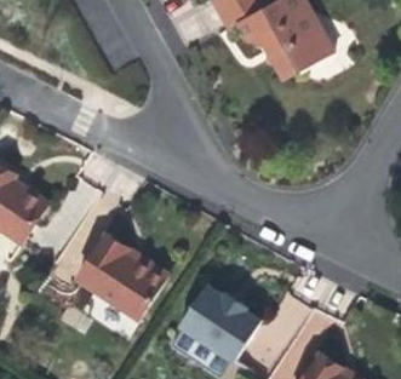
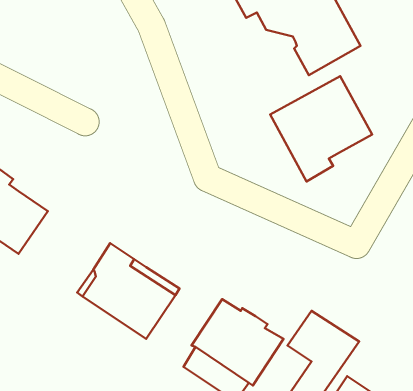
building: none -> [270,76,372,182]

